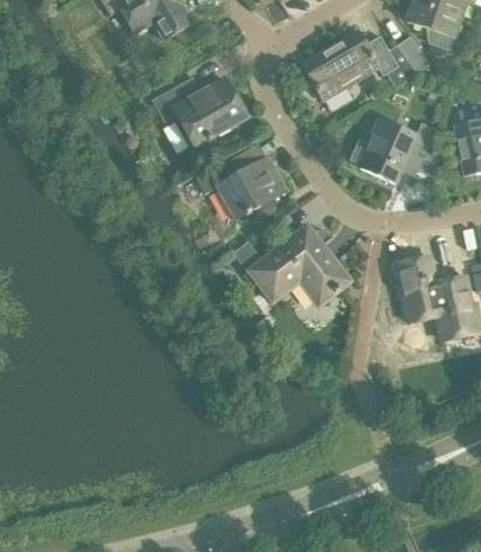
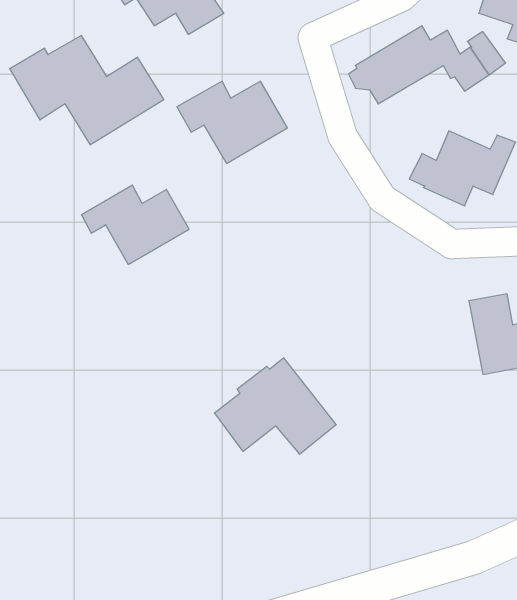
building: none -> [10,35,164,145]
building: [197,153,287,219] -> [81,185,189,264]
building: [249,224,351,304] -> [214,358,336,454]

